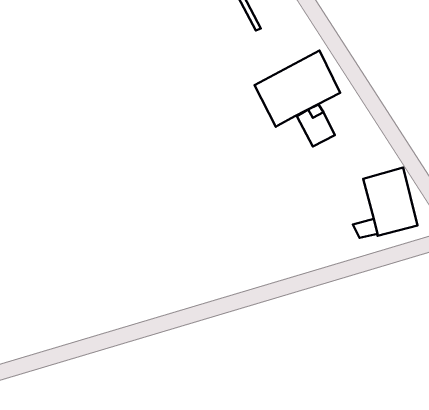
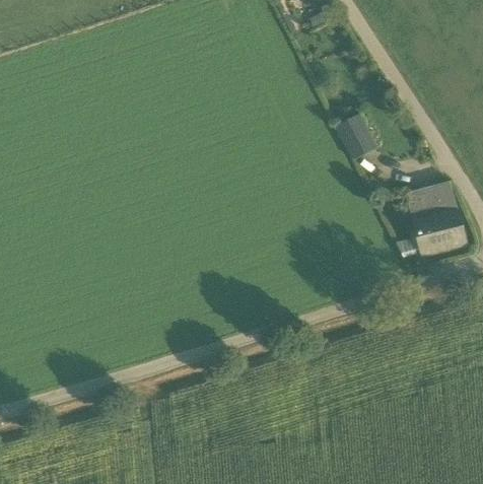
building: [255,50,340,127] -> none

